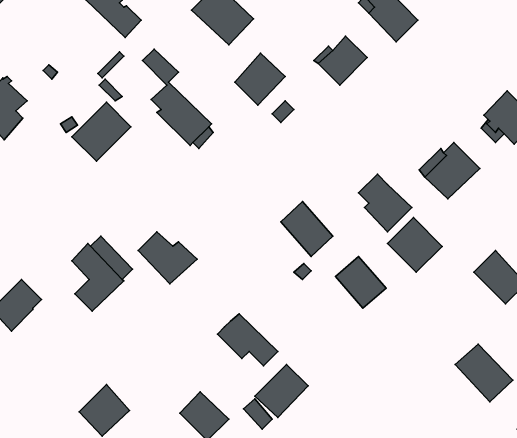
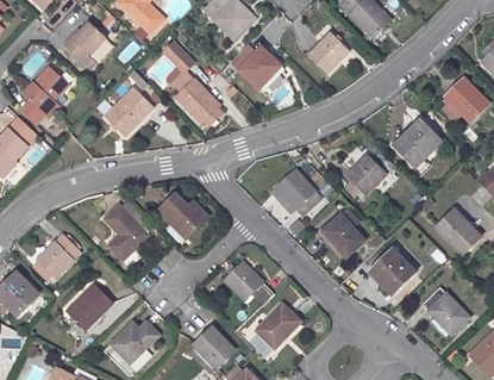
building: none -> [63,23,105,58]
building: [387,218,442,272] -> [371,248,417,293]
building: none -> [67,284,113,330]

